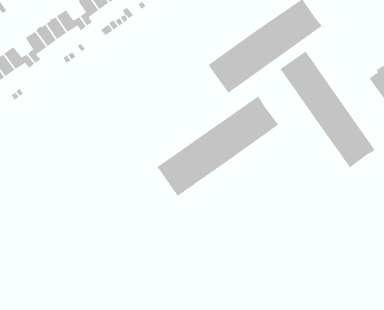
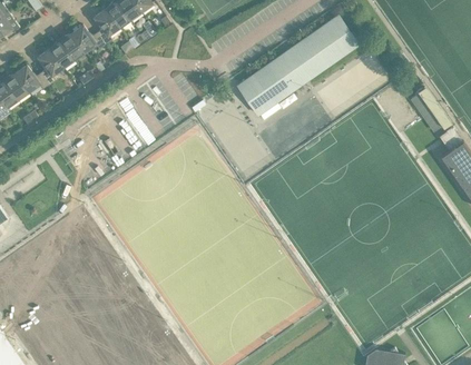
building: [280,50,376,168] -> none
building: [156,95,279,197] -> none

